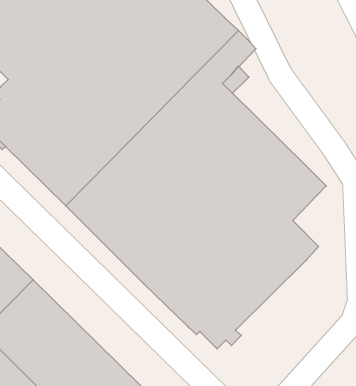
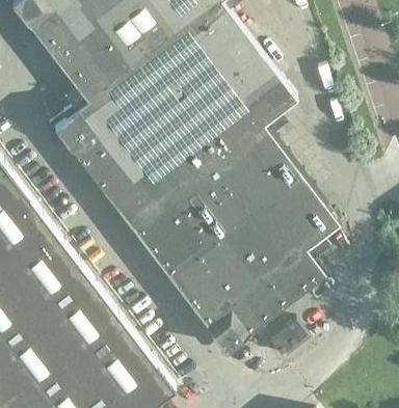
building: none -> [267,319,305,355]

